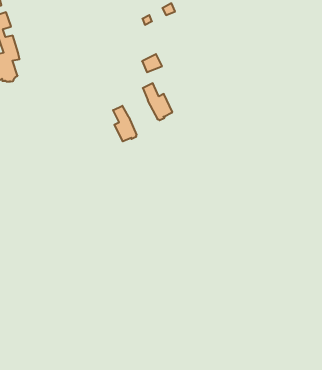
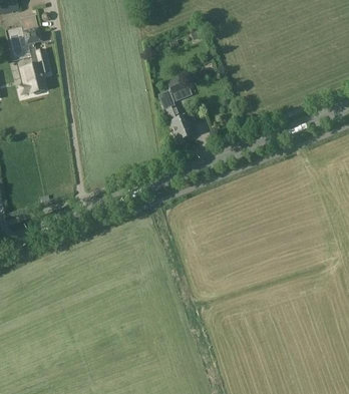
building: [113,106,137,141] -> none

